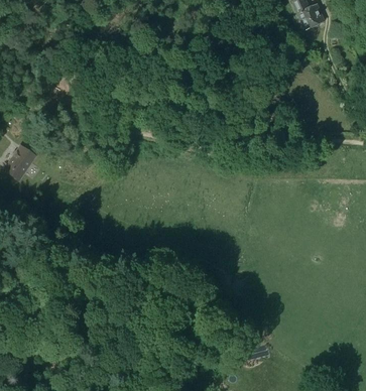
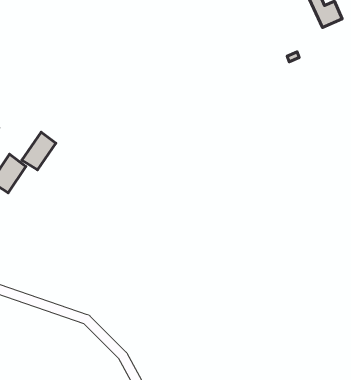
building: none -> [22,132,56,170]

